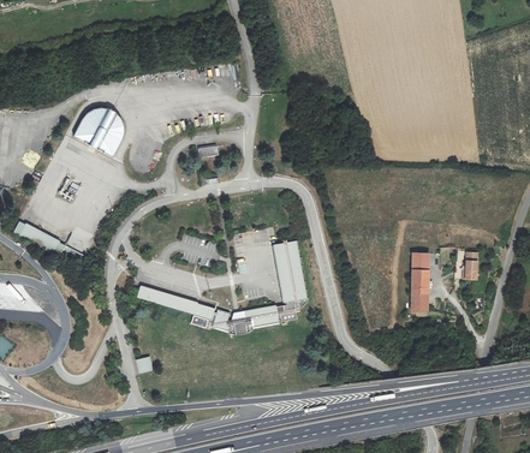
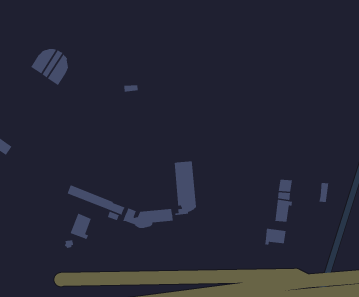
building: none -> [264,228,287,246]
building: none -> [69,213,92,240]

